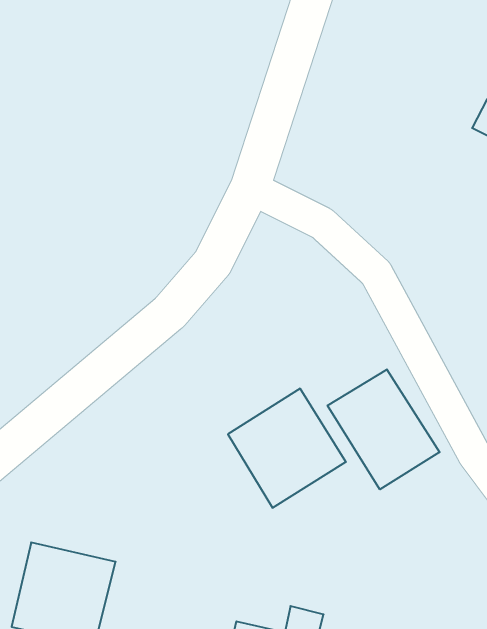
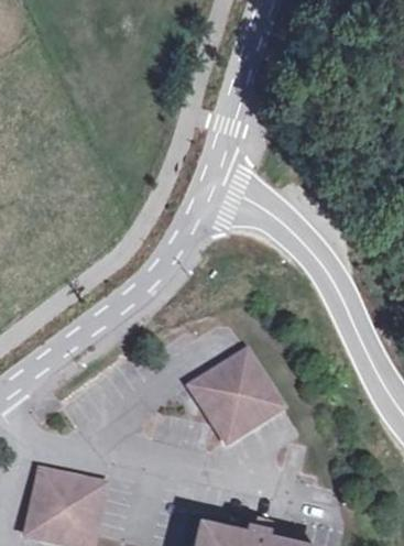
building: [328,369,440,489] -> none

